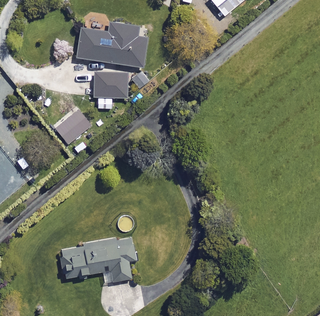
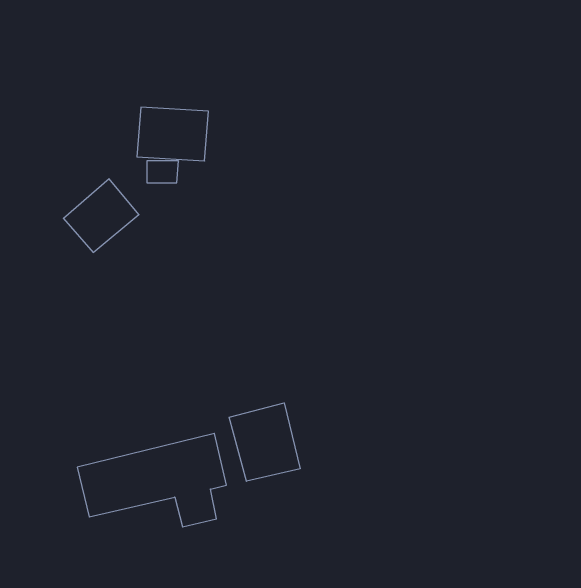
building: [76,23,146,67] -> none
building: none -> [229,403,300,481]

